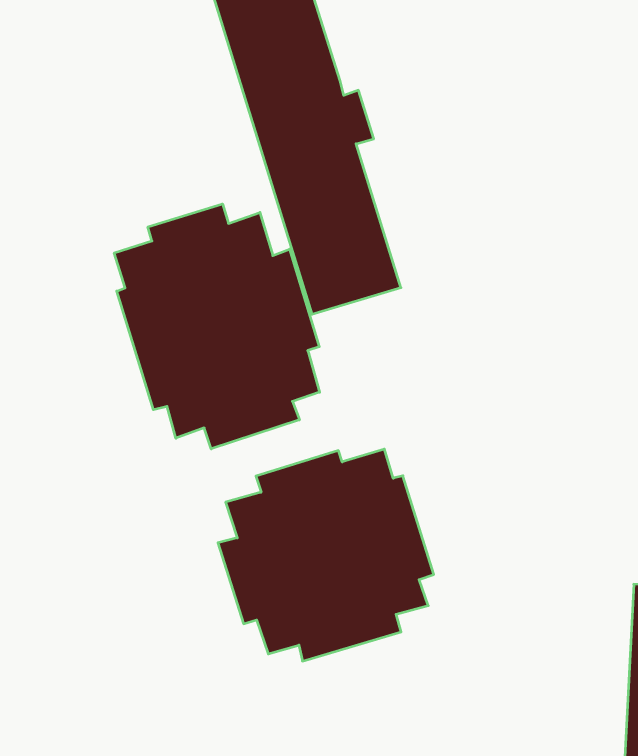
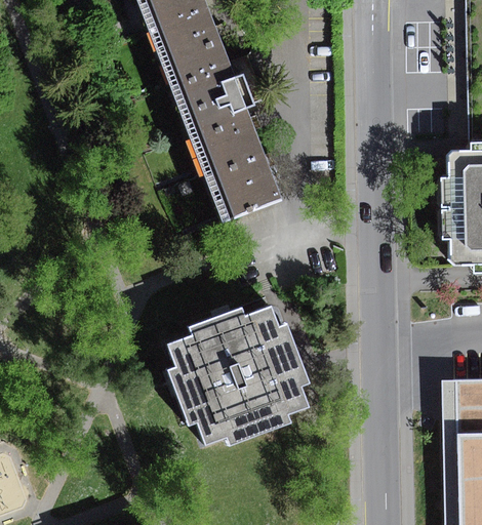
building: [114,204,320,449] -> none

